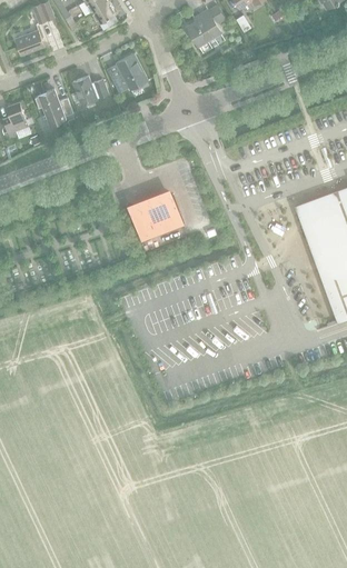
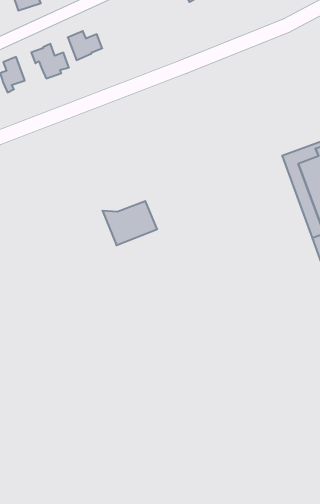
building: [111,53,147,92] -> none
building: [126,195,182,240] -> [102,201,157,245]

